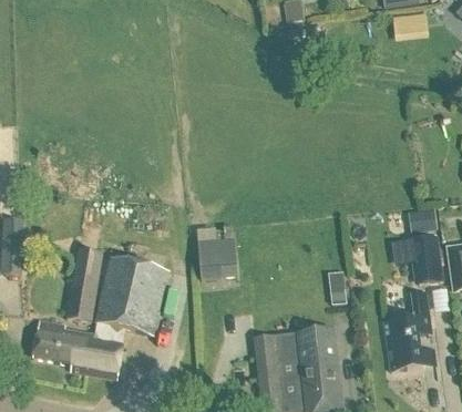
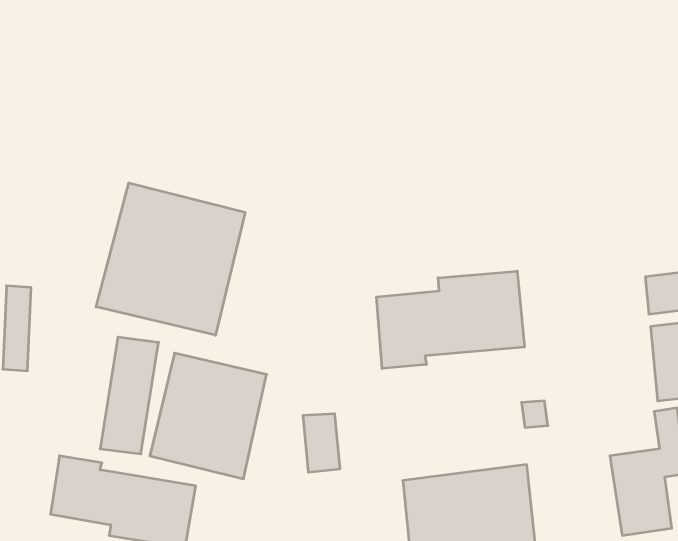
building: none -> [96,183,245,335]
building: none -> [377,271,524,369]
building: [198,241,222,278] -> [303,414,340,472]

